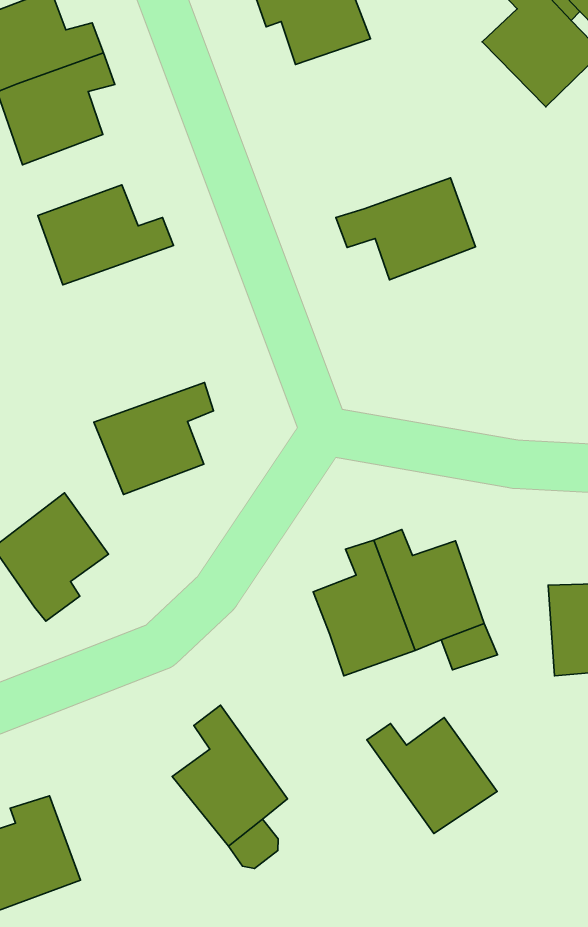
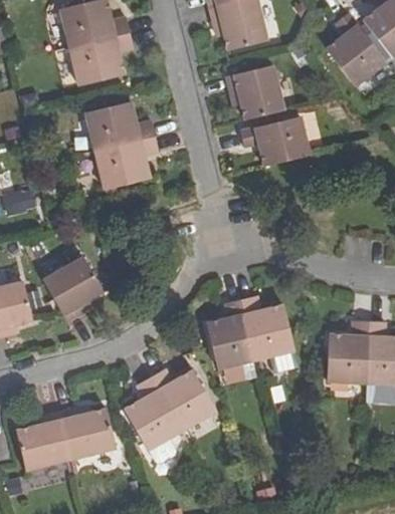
building: none -> [226,65,283,120]
building: [94,383,213,495] -> [94,137,157,190]
building: [367,718,497,834] -> [152,369,216,429]
building: none -> [58,408,114,459]

